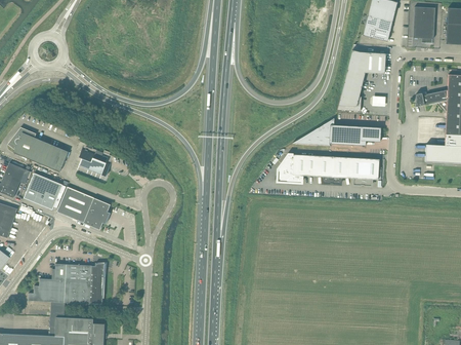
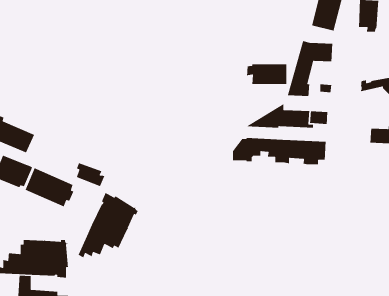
building: none -> [246,63,287,85]
building: [79,149,111,176] -> [76,162,105,187]
building: none -> [77,192,139,259]

